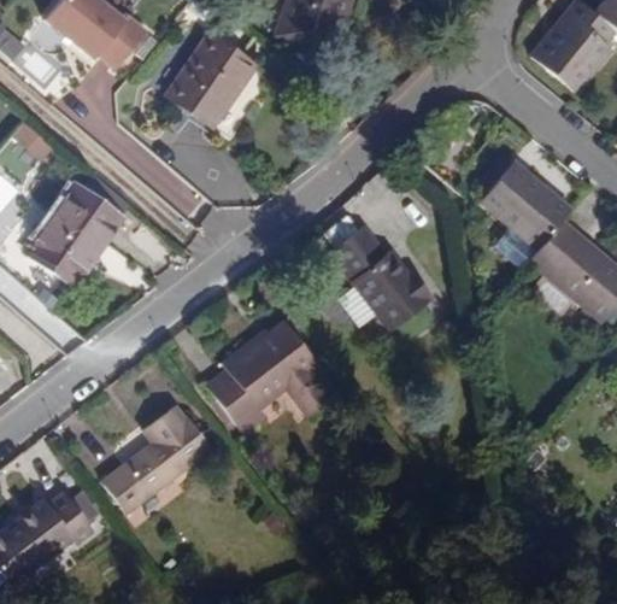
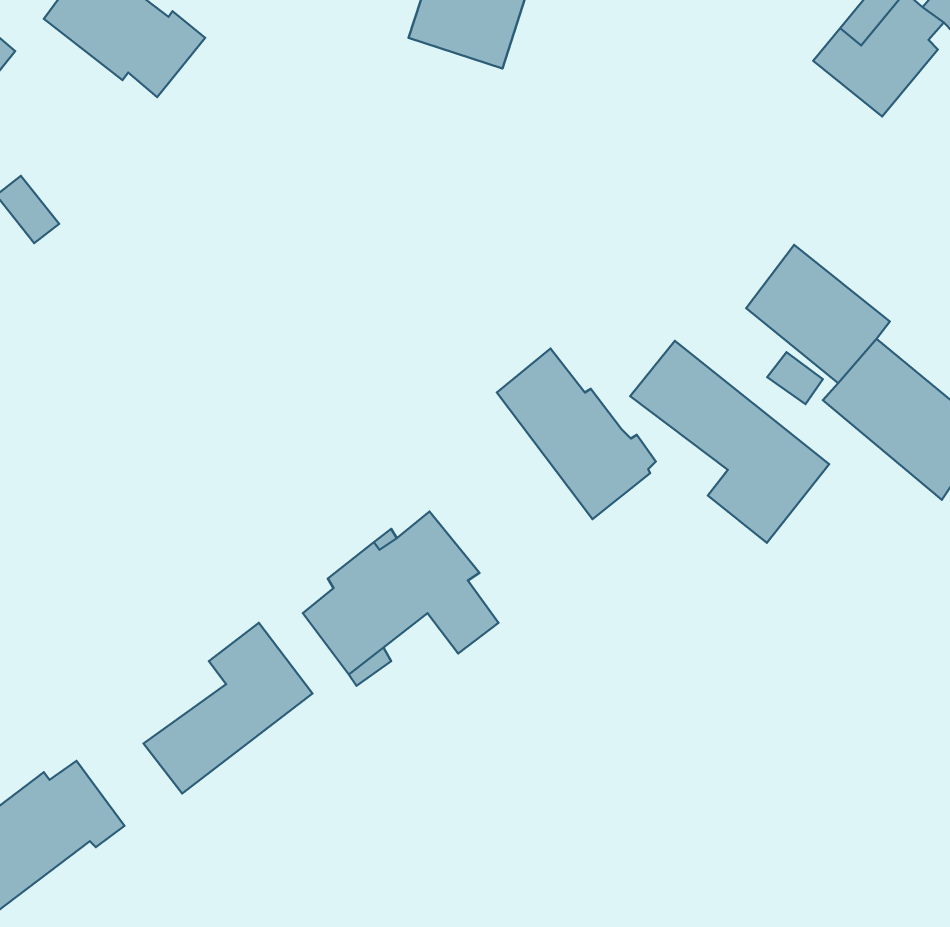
building: [165,31,253,124] -> none
building: [25,182,122,283] -> none
building: none -> [630,341,829,543]

